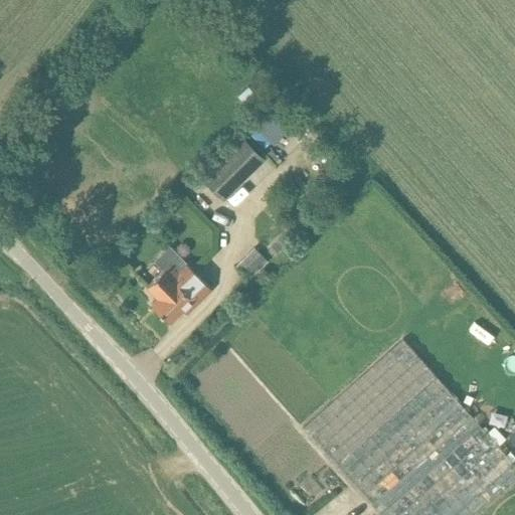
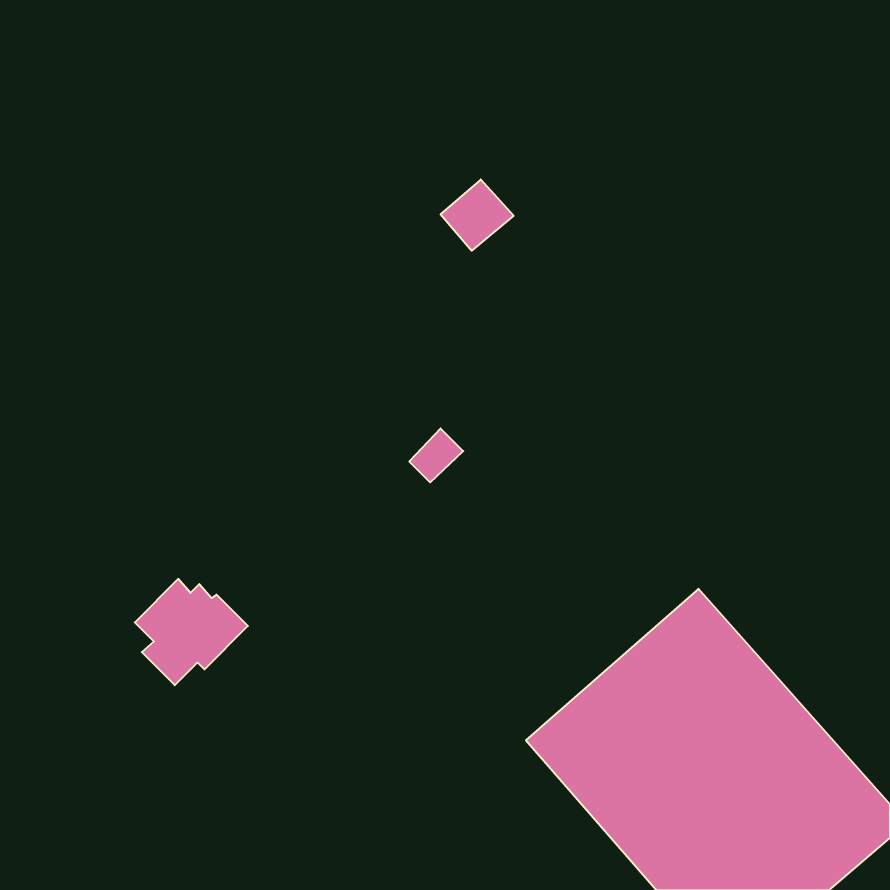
building: [198,136,266,202] -> none
building: [147,262,212,323] -> [135,579,248,685]

